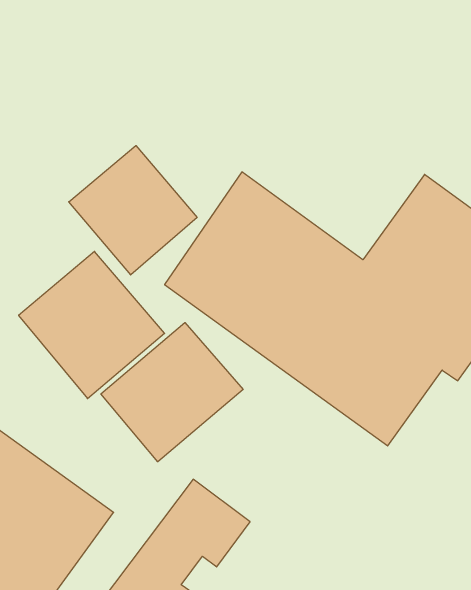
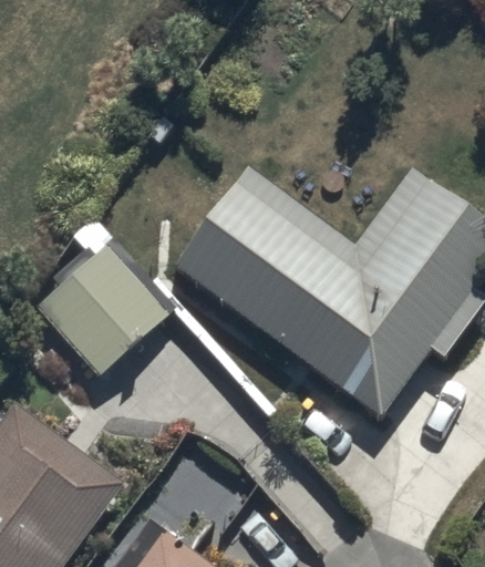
building: [69,146,197,275] -> none
building: [101,323,243,462] -> none

